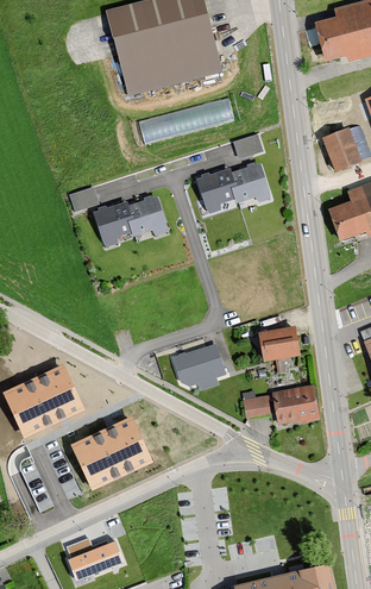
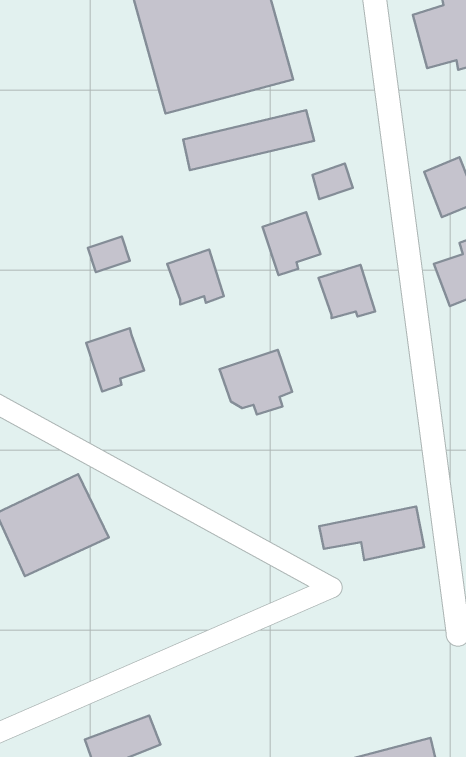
building: [233,163,275,202] -> [319,265,375,318]
building: [96,202,139,249] -> [86,328,144,391]
building: [256,325,296,359] -> none
building: [176,345,229,393] -> [220,350,292,415]
building: [73,415,155,489] -> none

